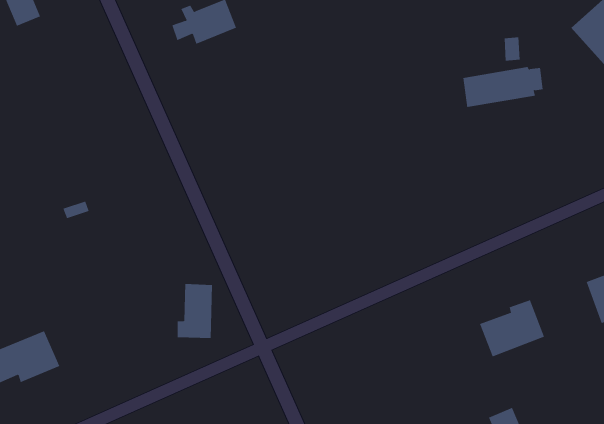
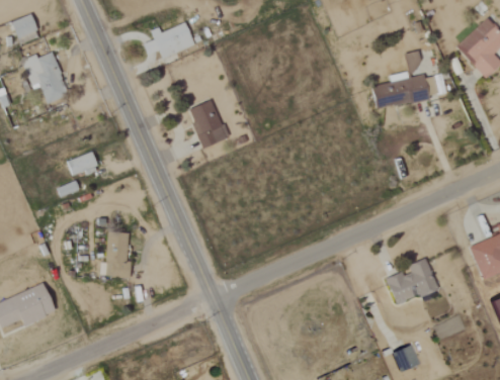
building: none -> [24,52,69,104]
building: none -> [190,101,227,148]
building: none -> [68,153,99,176]
building: [177,284,213,339] -> [101,233,130,277]

